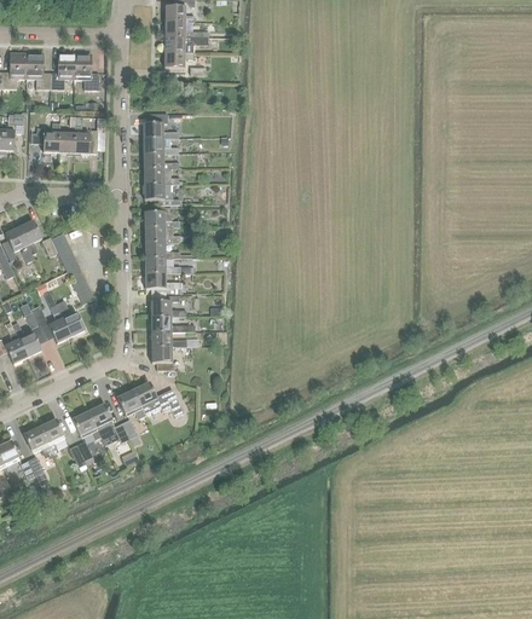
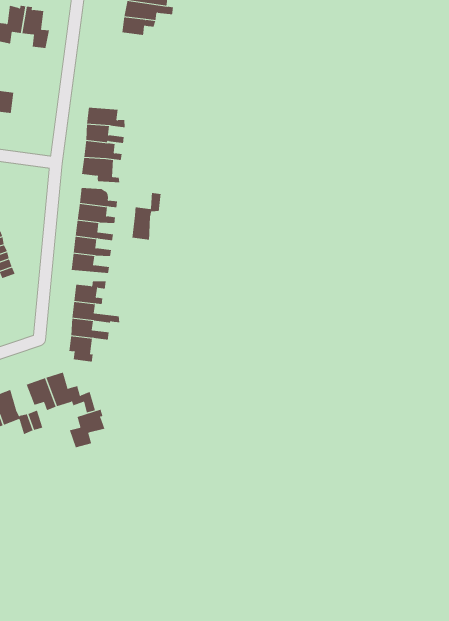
building: [141,112,177,138] -> none
building: [73,126,97,154] -> none
building: none -> [132,192,161,240]
building: none -> [69,409,105,448]

